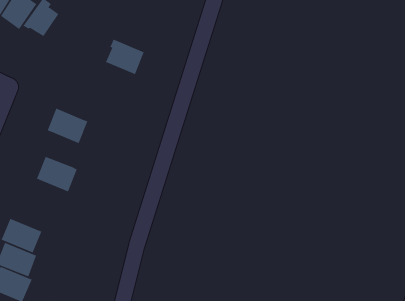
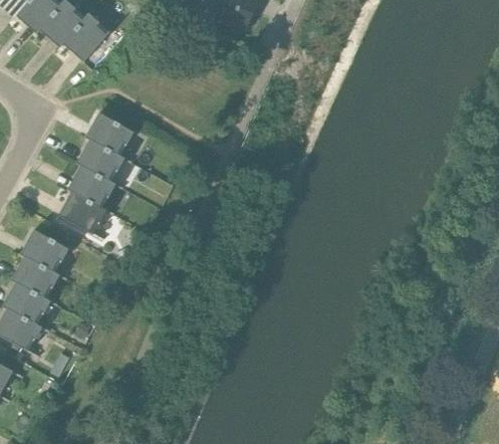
building: [105,39,145,75] -> [88,113,134,156]
building: none -> [68,165,115,207]
building: none -> [21,229,69,272]

